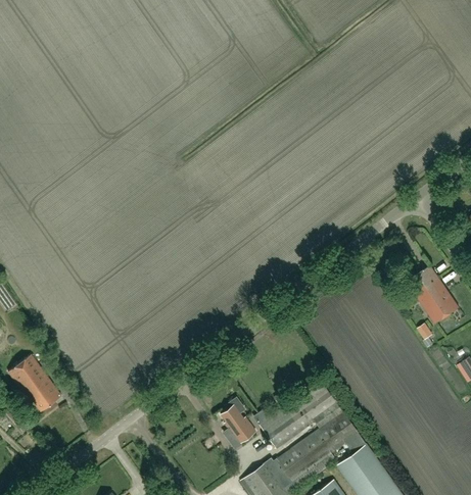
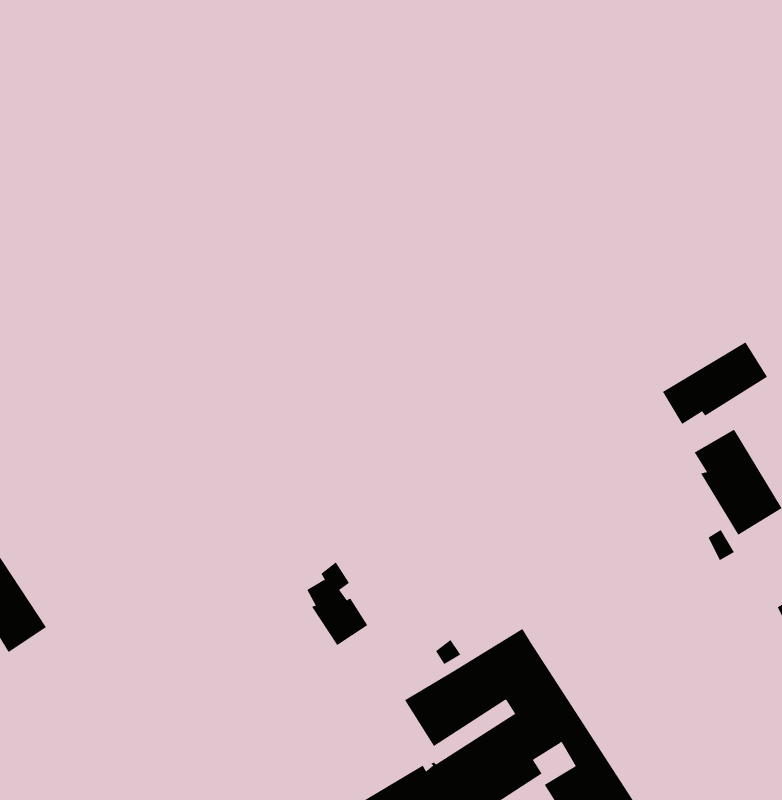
building: none -> [662,341,768,425]
building: [220,398,254,444] -> [306,562,368,646]

